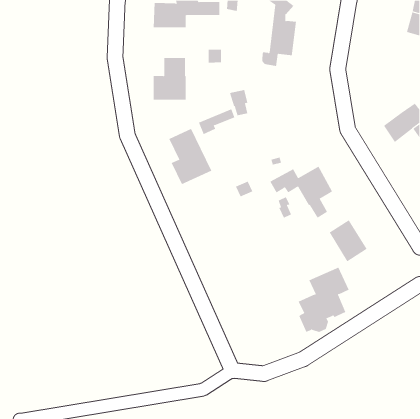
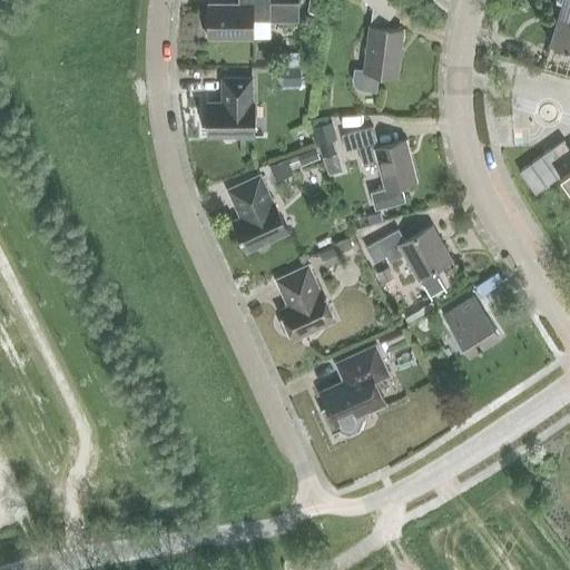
building: none -> [342,127,416,210]
building: none -> [277,265,334,341]
building: [298,267,350,333] -> [320,345,390,434]

